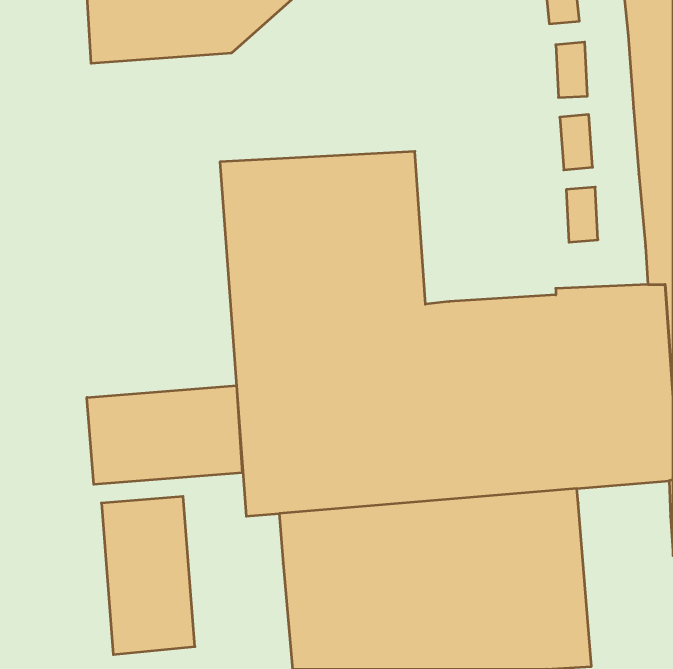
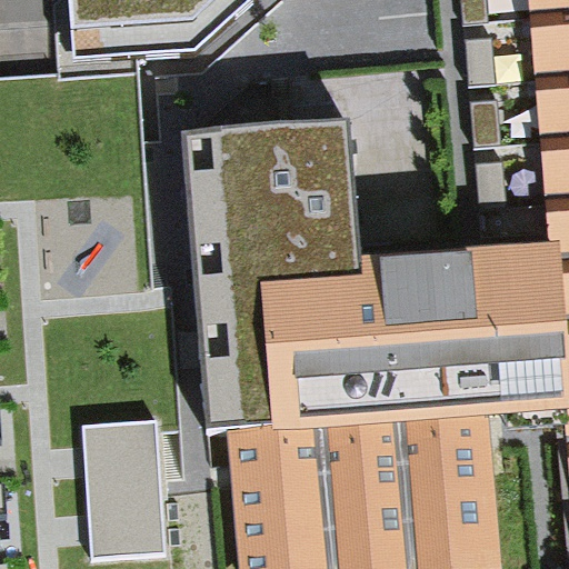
building: [87,385,242,484] -> none

